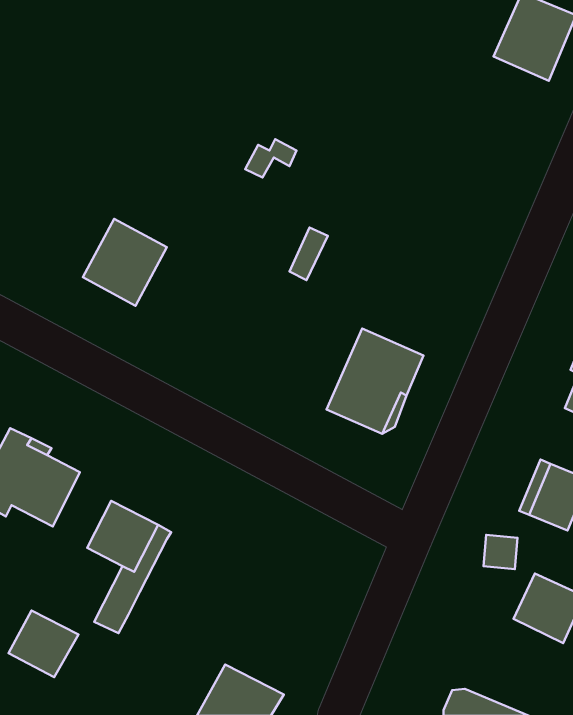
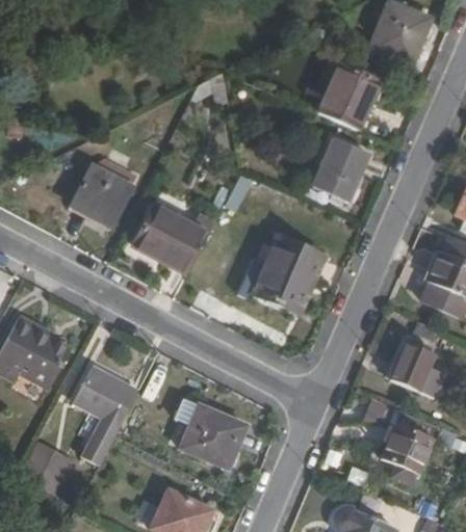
building: none -> [318,62,379,129]
building: none -> [314,136,368,198]
building: none -> [132,202,197,271]
building: none -> [183,406,244,468]

